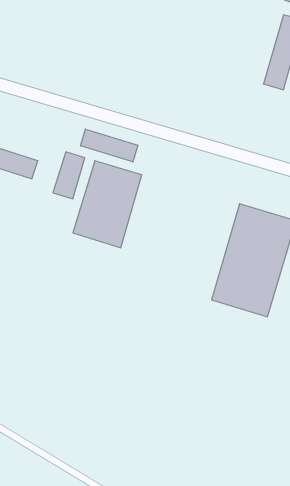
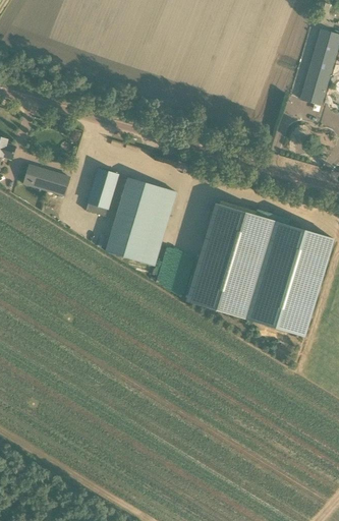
building: [81,129,138,162] -> none
building: none -> [186,204,275,319]

